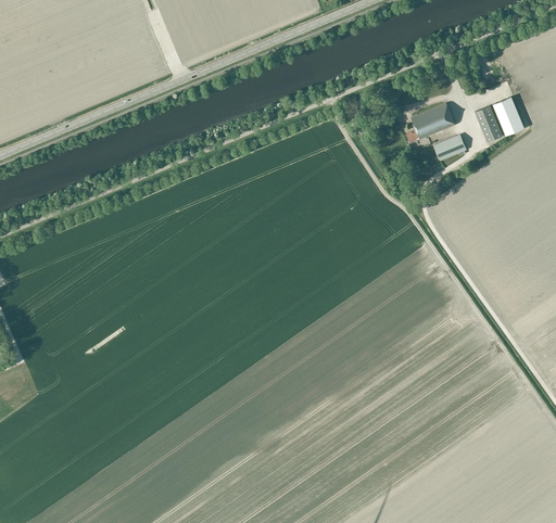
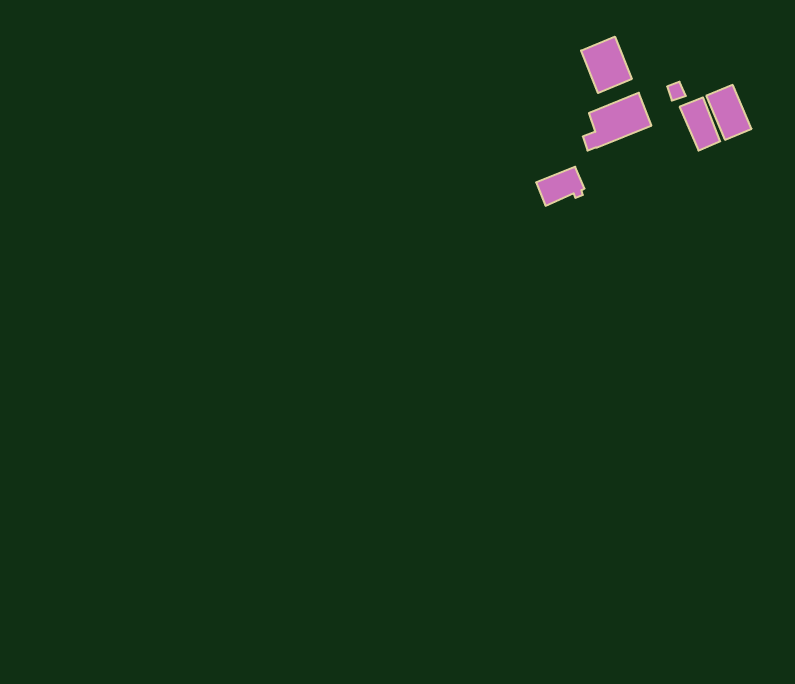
building: none -> [581,37,632,93]
building: [432,133,466,161] -> [536,167,585,206]

